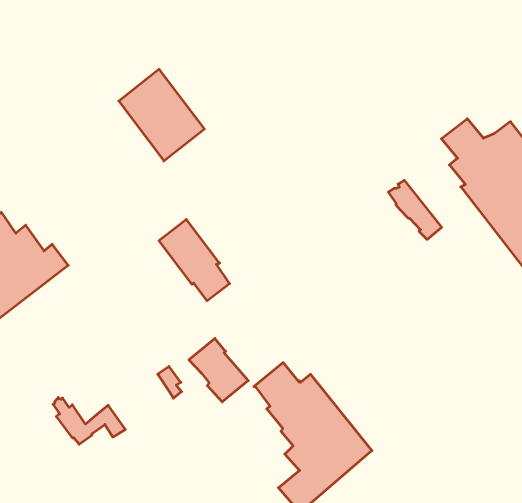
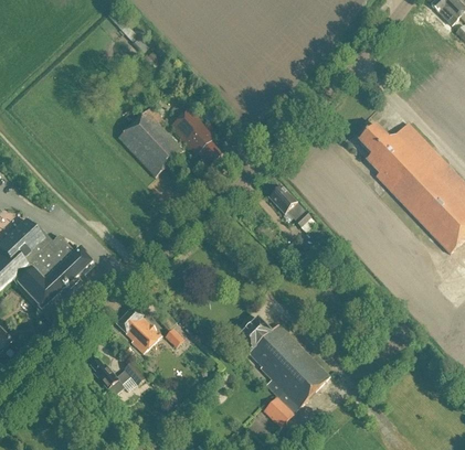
building: [388,180,442,239] -> [268,184,310,226]
building: [159,219,230,301] -> [169,107,224,165]
building: [189,338,248,402] -> [116,306,161,352]

